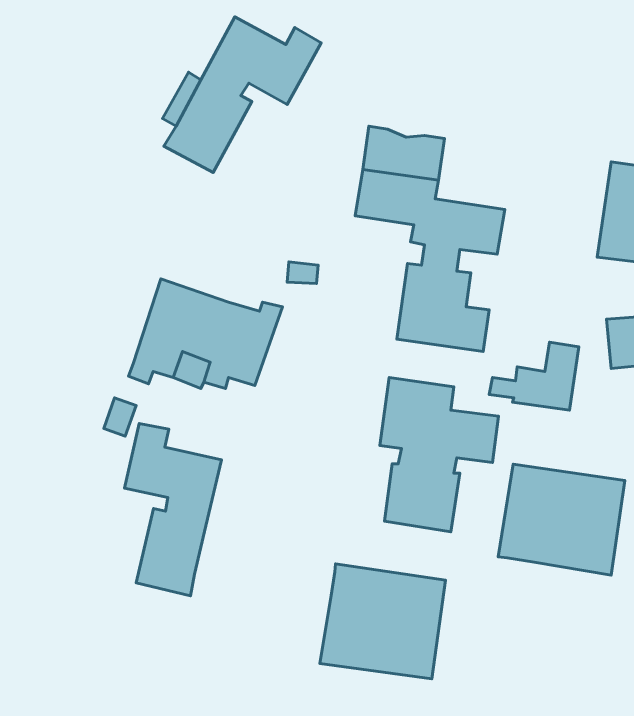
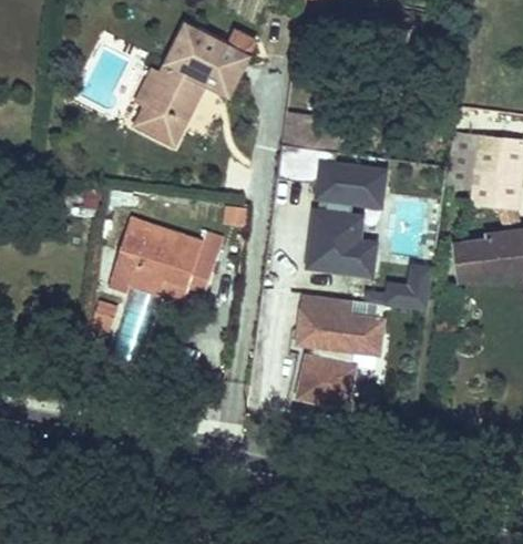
building: [125,423,221,596] -> none
building: [498,464,625,575] -> none
building: [320,564,445,679] -> none

